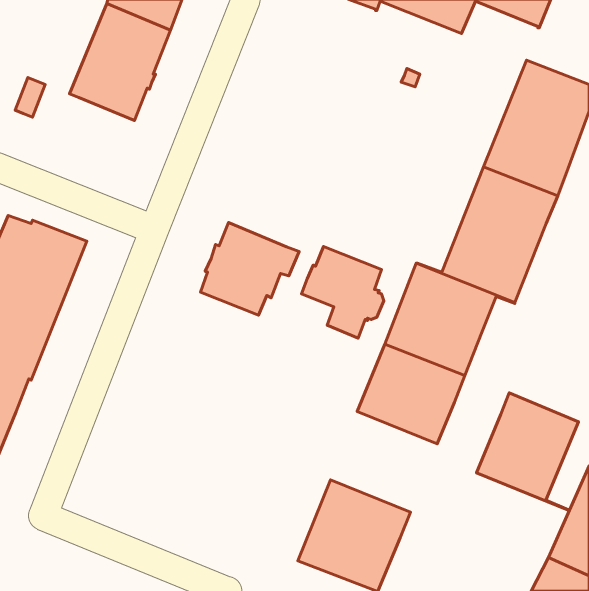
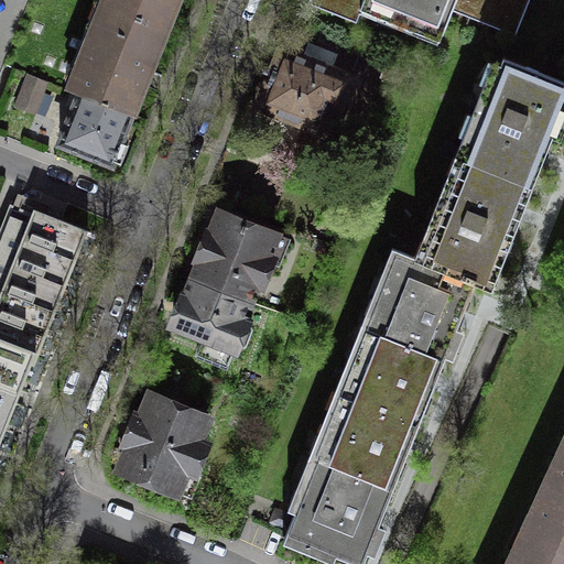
building: none -> [257,43,348,131]
building: none -> [55,93,128,164]
building: [301,246,384,338] -> [170,278,248,365]
building: [477,393,578,511] -> none
building: none -> [314,391,415,487]
building: none -> [117,393,205,497]

